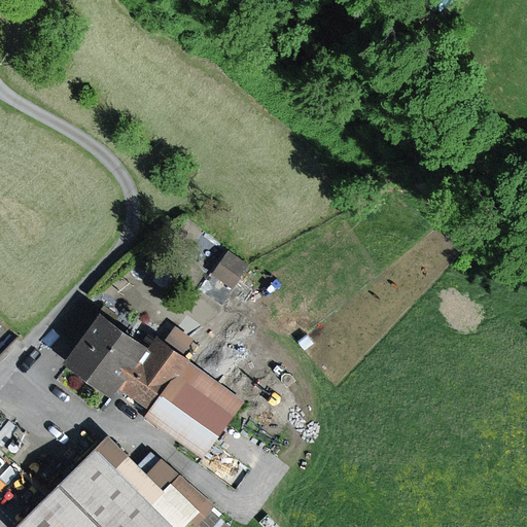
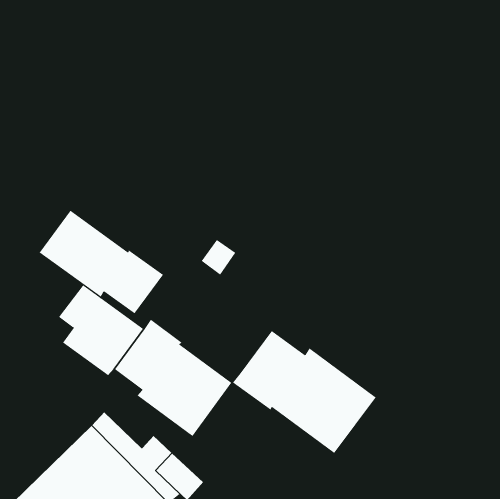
building: none -> [39,210,164,314]
building: none -> [232,330,377,454]

